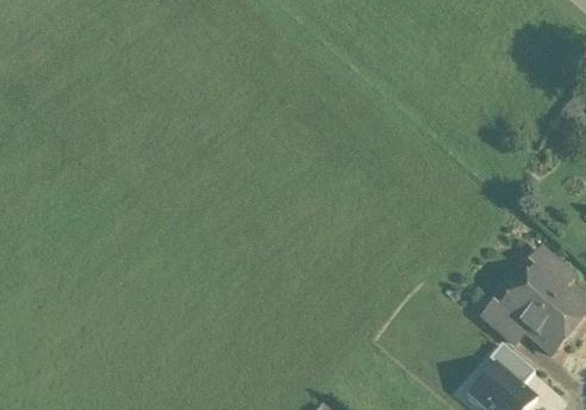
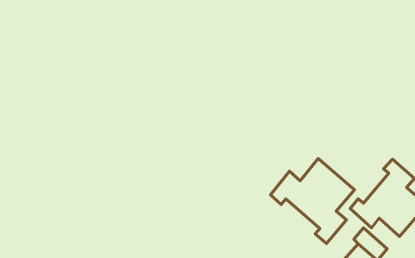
building: none -> [271,159,354,243]

